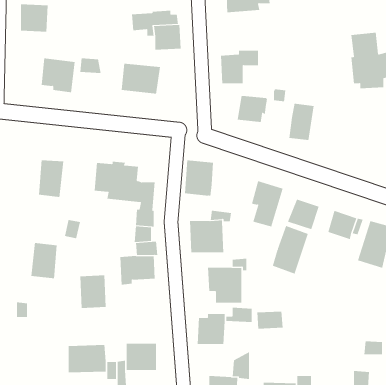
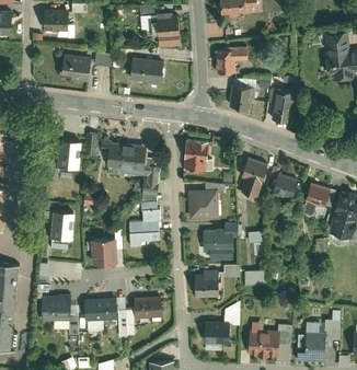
building: [272,225,309,274] -> none
building: none -> [43,297,70,319]

